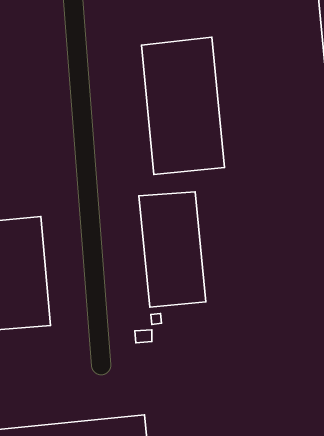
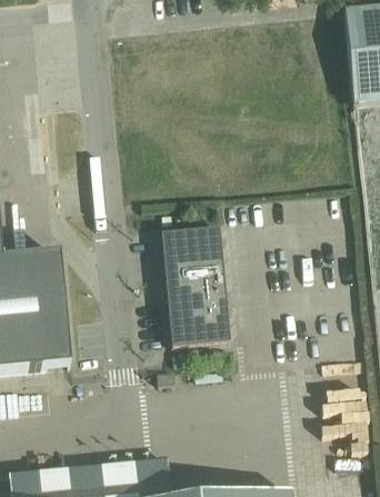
building: [142,37,224,175] -> none

